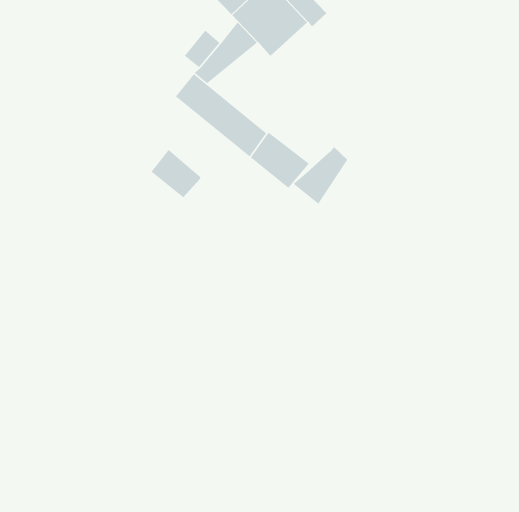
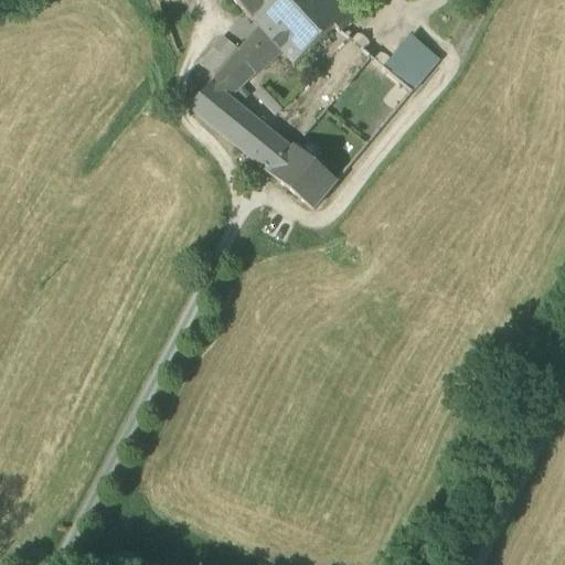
building: none -> [390,36,438,87]
building: [293,146,348,205] -> none
building: [151,149,202,198] -> none

